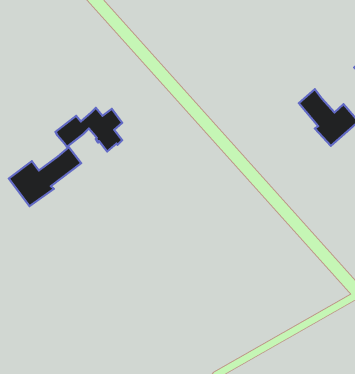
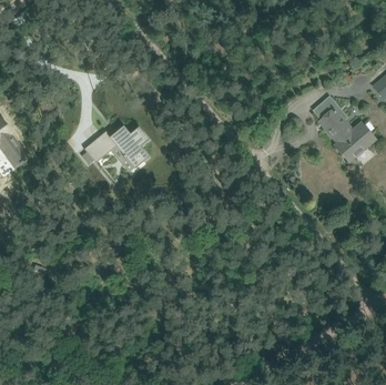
building: [9,147,81,206] -> none

